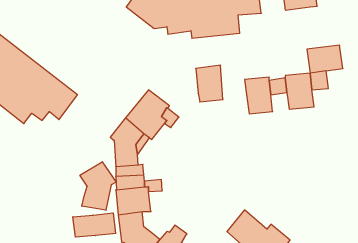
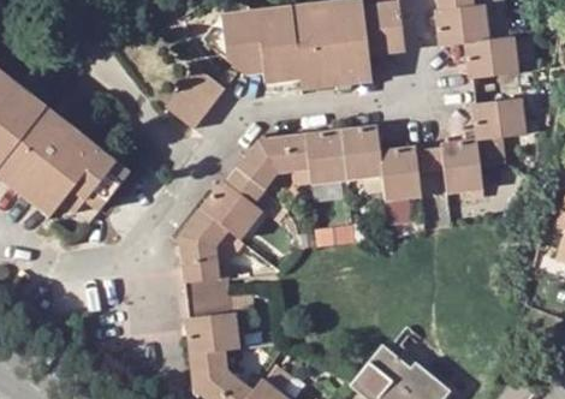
building: none -> [478,35,519,76]
building: none -> [166,65,224,127]
building: none -> [344,124,383,179]
building: none -> [236,132,310,189]
building: [80,162,116,210] -> none
building: [73,213,116,237] -> none

